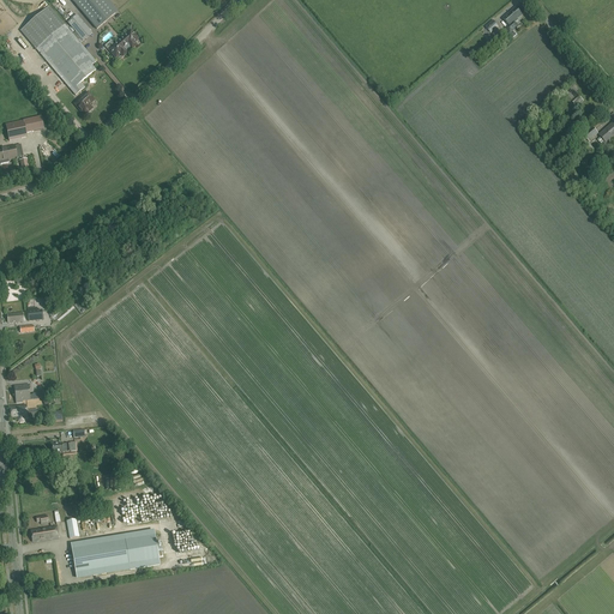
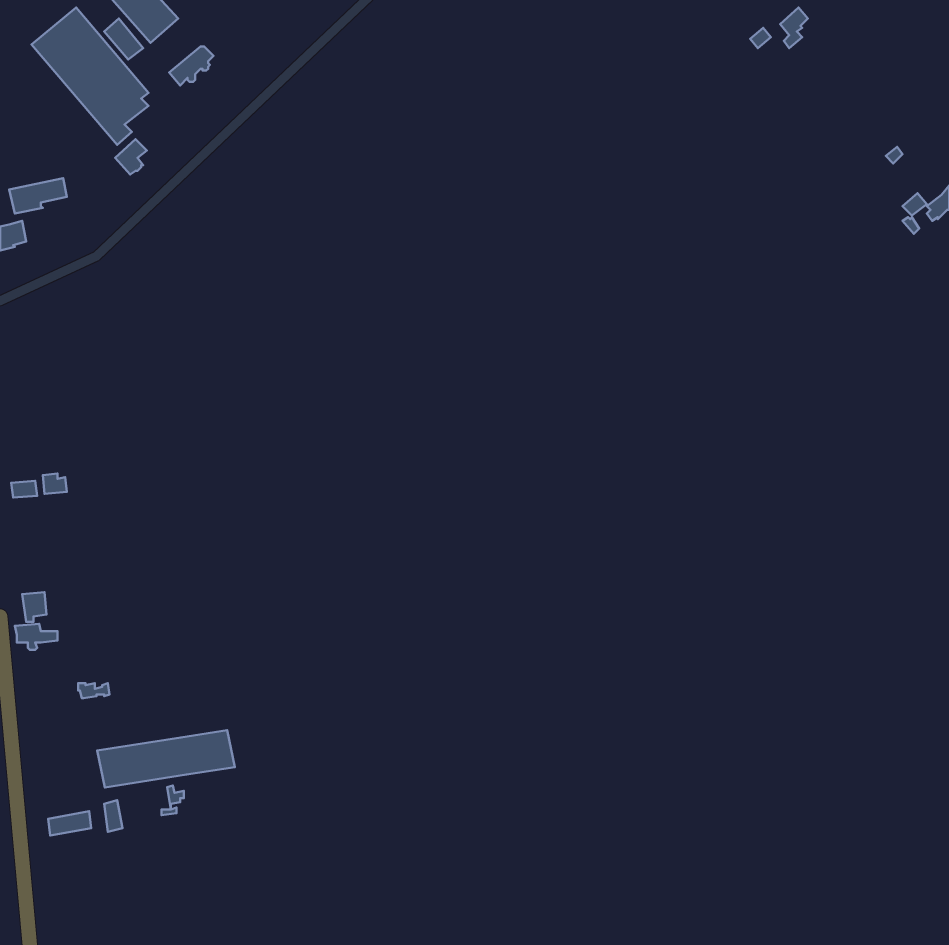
building: [71,534,159,571] -> [97,730,235,788]

